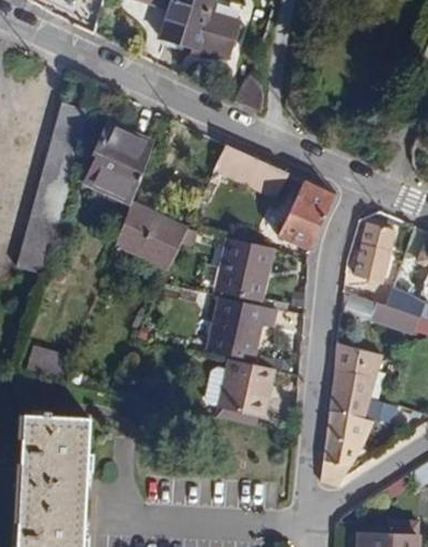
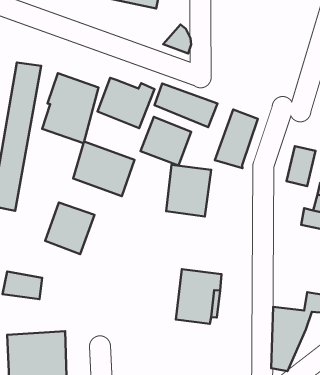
building: none -> [97,78,154,128]
building: none -> [140,117,191,166]
building: none -> [45,202,94,254]
building: [209,296,276,359] -> none
building: [331,342,383,418] -> none

